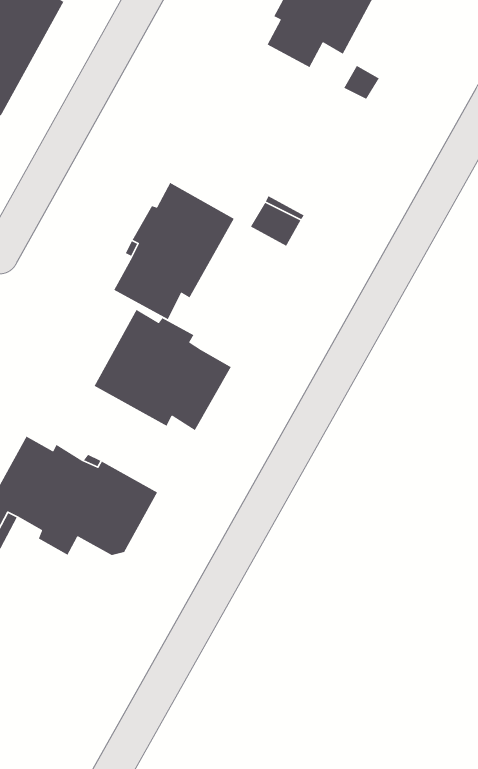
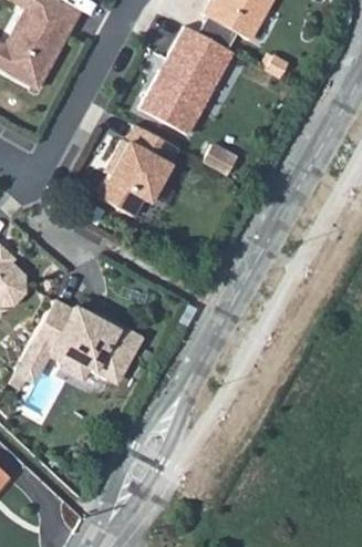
building: none -> [152,33,246,142]
building: [94,309,232,431] -> none

